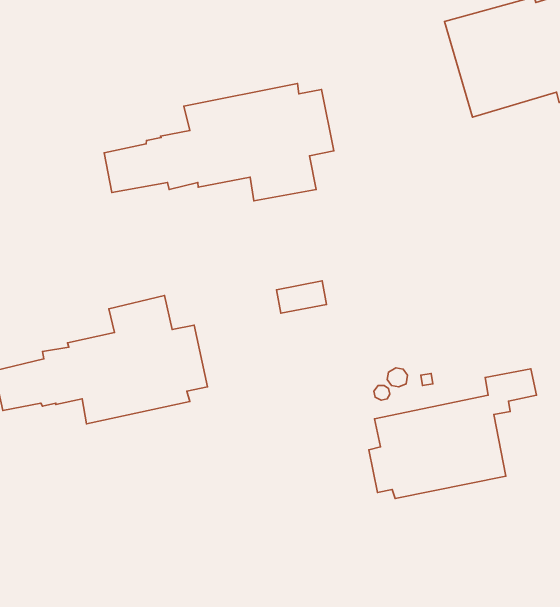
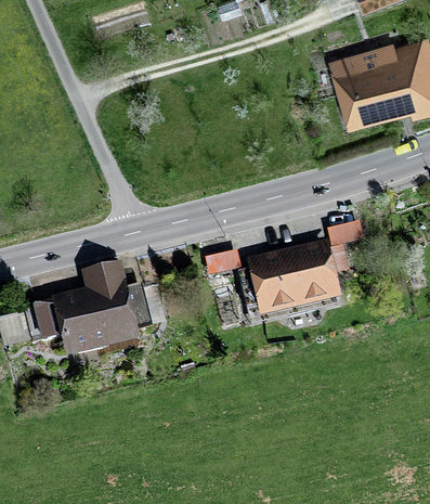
building: [104,83,334,201] -> none
building: [369,369,537,498] -> [242,220,365,315]

